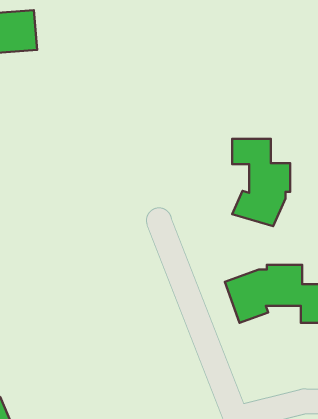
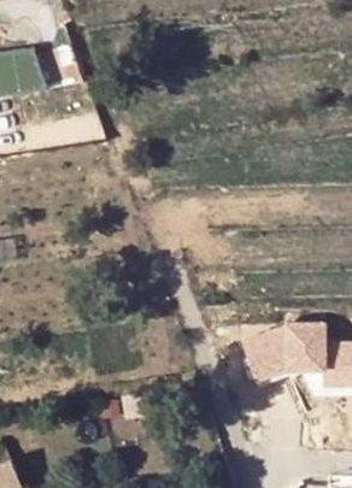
building: [232,139,290,226] -> none

